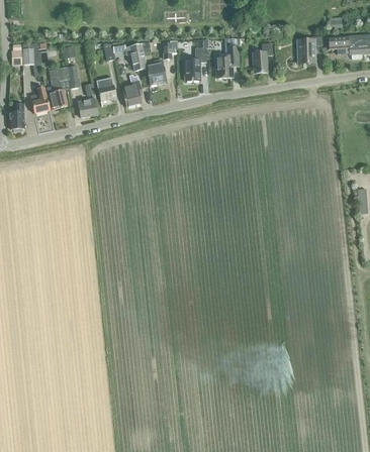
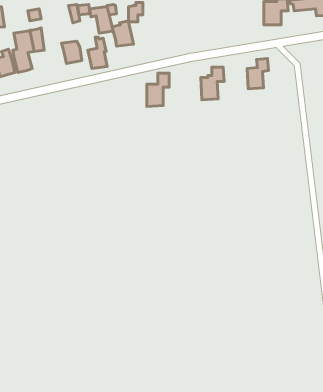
building: [252,42,273,73] -> [247,58,269,89]
building: [215,45,239,78] -> [201,67,224,100]
building: [184,47,206,81] -> [147,73,169,107]
building: [77,83,97,117] -> none

